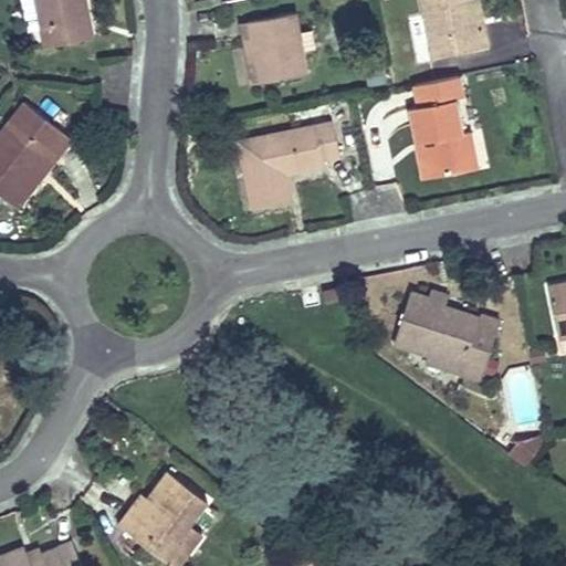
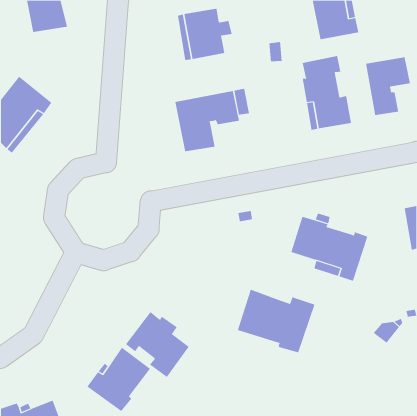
building: none -> [365,56,411,116]
building: none -> [237,289,315,353]
building: none -> [125,311,190,378]

